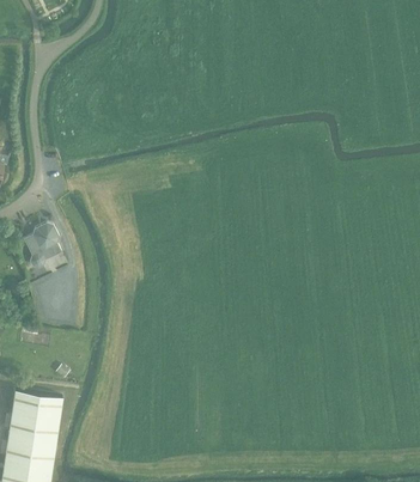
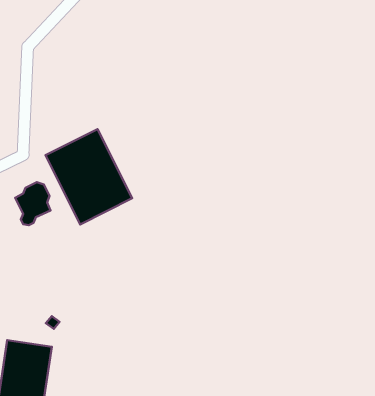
building: none -> [46,129,132,224]

